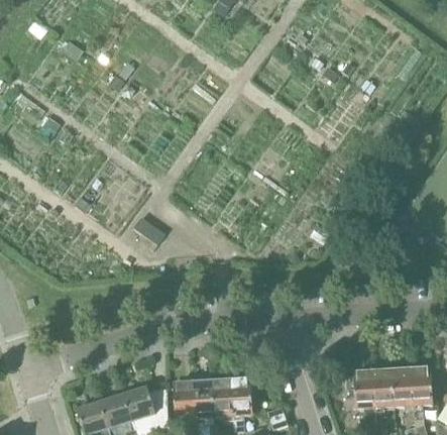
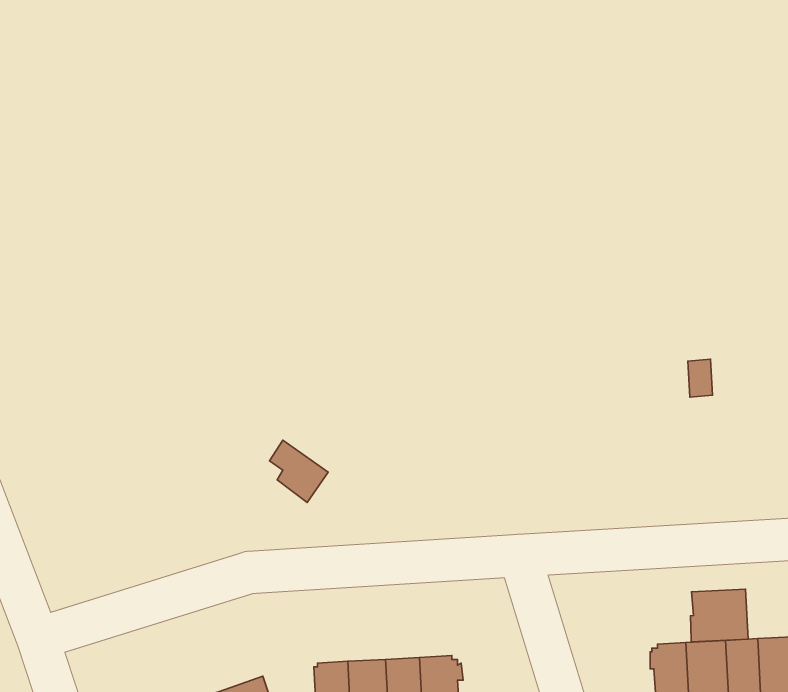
building: [133,217,164,250] -> [270,440,328,502]
building: none -> [691,589,748,642]

